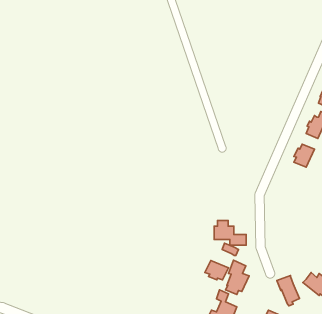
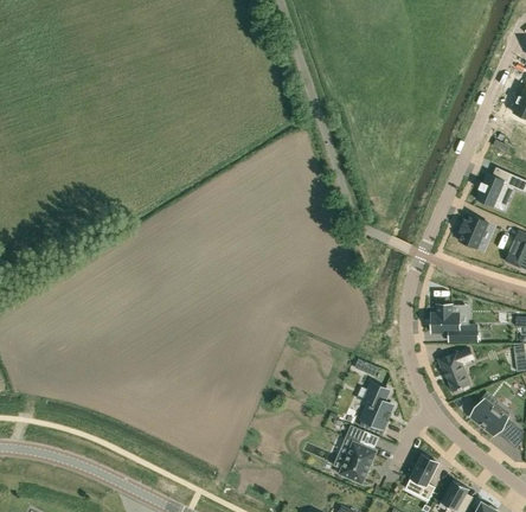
building: [214,221,246,245] -> [431,305,477,340]
building: [205,260,228,280] -> none
building: [277,276,300,306] -> [437,351,470,395]

